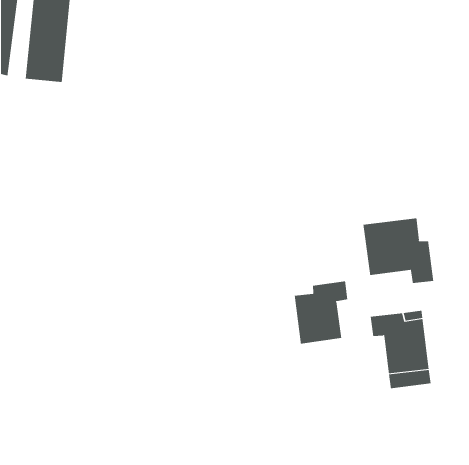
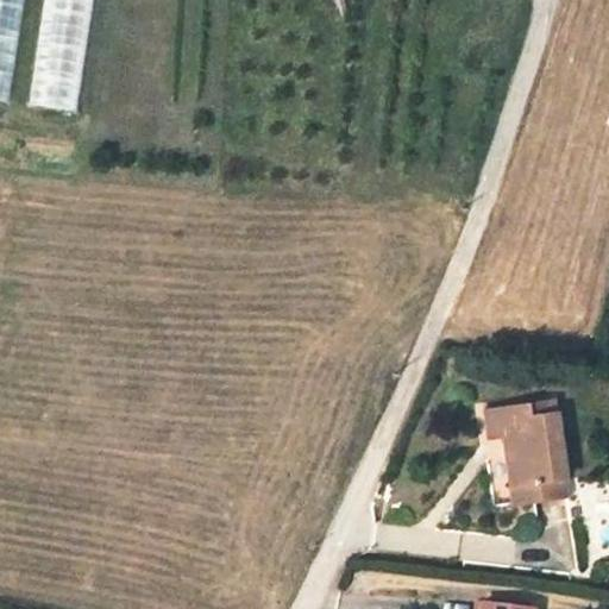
building: [363,217,434,284] -> none
building: [294,281,348,344] -> none

